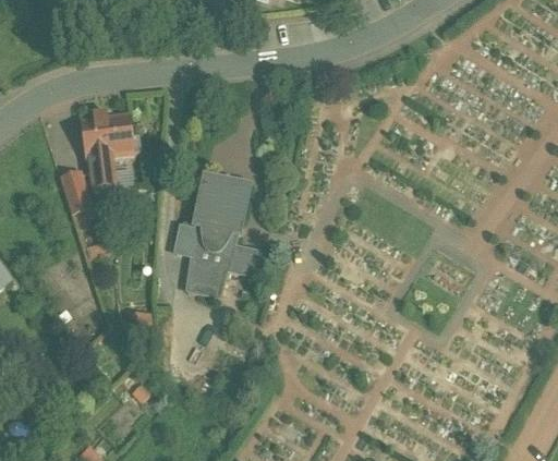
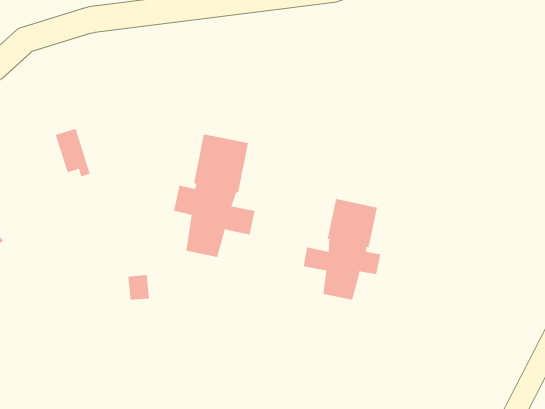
building: [80,109,141,187] -> none
building: none -> [303,198,381,301]

